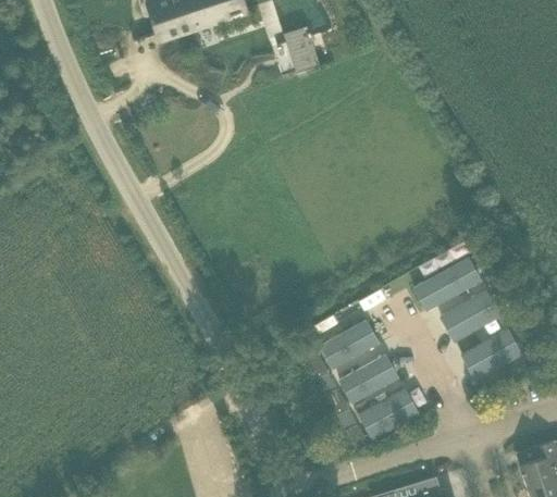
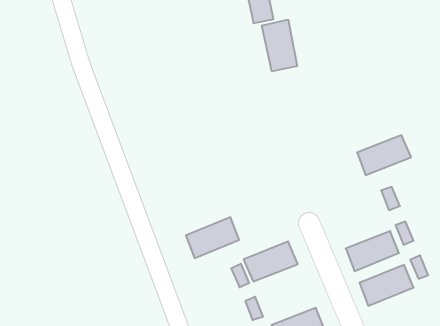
building: none -> [262,20,297,71]
building: [414,253,478,305] -> [357,135,411,175]
building: [341,353,403,406] -> [186,217,239,258]

